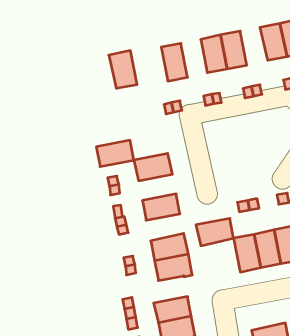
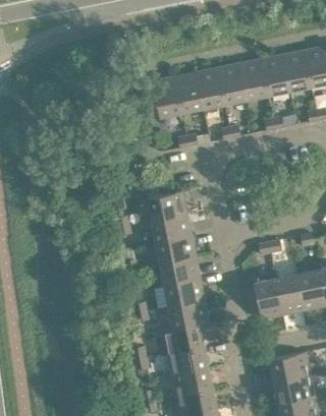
building: none -> [261,55,290,96]
building: none -> [197,68,225,109]
building: [109,51,137,88] -> [152,76,182,117]
building: [96,140,134,167] -> [151,214,192,242]
building: [196,218,234,246] -> [159,256,200,286]
building: none -> [163,323,204,353]
building: none -> [269,352,310,382]

